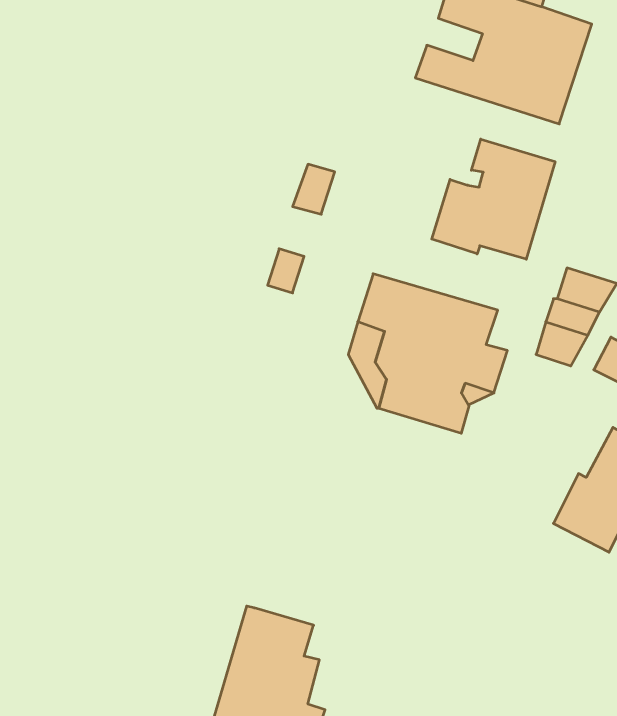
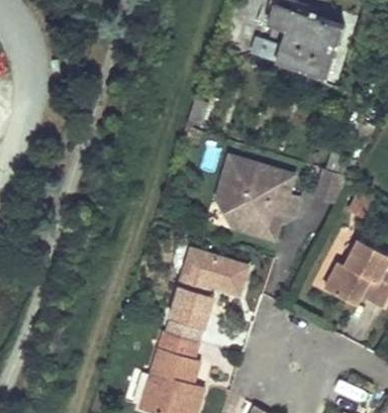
building: [432,139,555,259] -> none
building: none -> [167,249,248,341]

